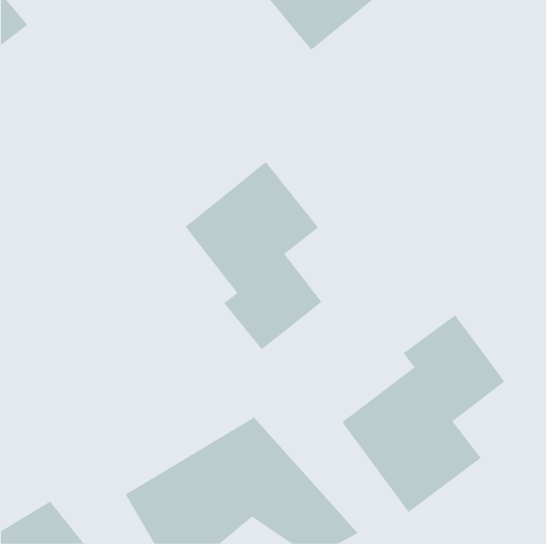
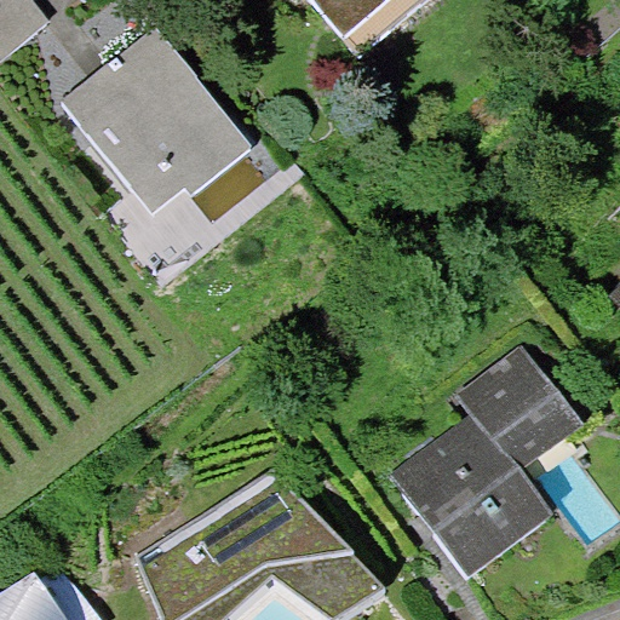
building: none -> [62,29,246,218]
building: [185,161,322,350] -> none

